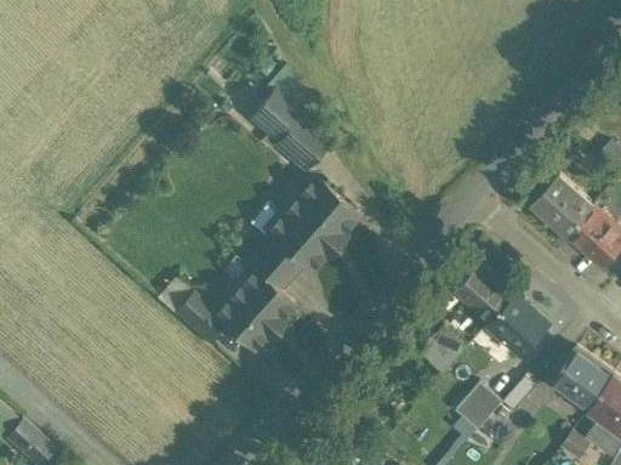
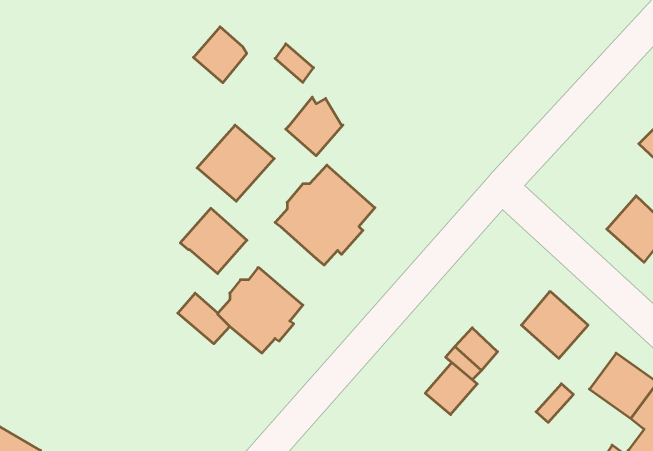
building: [252,93,301,144] -> [193,27,247,83]
building: none -> [197,125,274,201]
building: [534,176,596,238] -> none
building: [244,236,304,295] -> [180,208,247,274]
building: [457,265,517,325] -> none
building: [457,385,505,432] -> [425,363,477,415]

